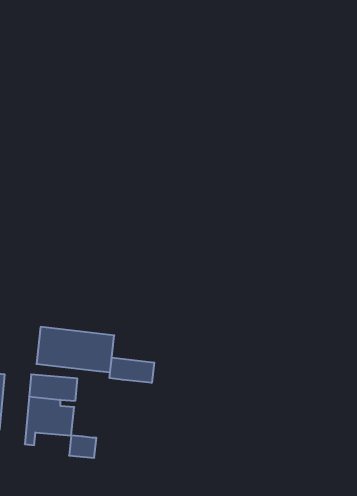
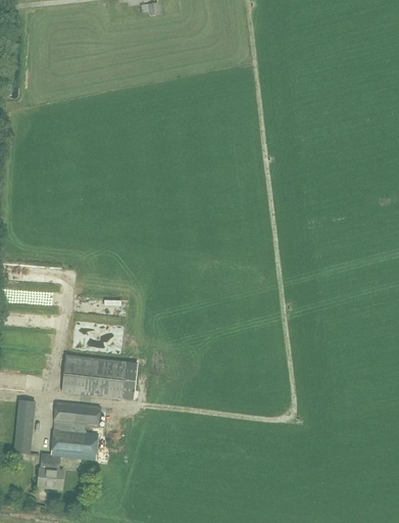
building: [110,358,154,383] -> none
building: [69,436,96,458] -> [38,467,64,488]

